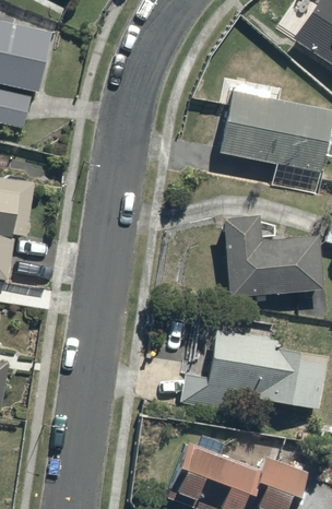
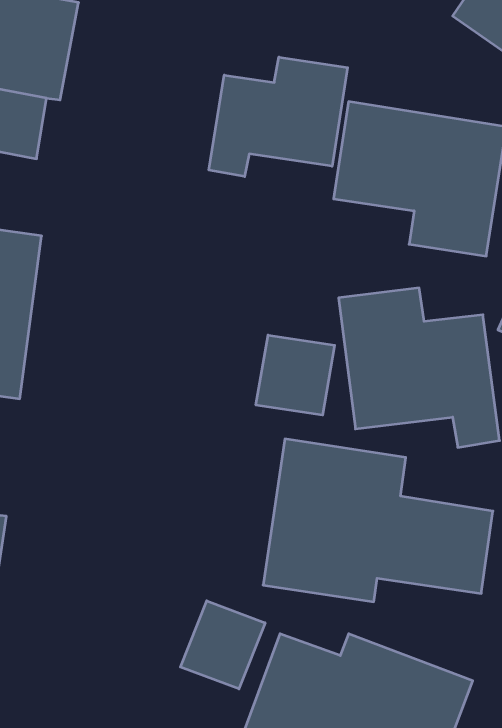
building: none -> [209,57,348,177]
building: none -> [256,335,335,415]
building: none -> [180,601,265,689]

